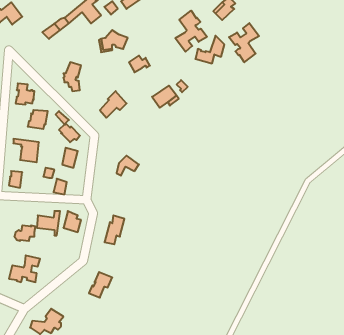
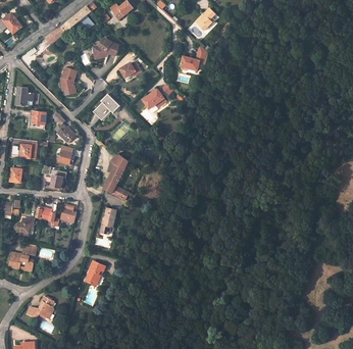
building: [175,11,207,52] -> none
building: [229,23,259,62] -> none
building: none -> [102,163,129,200]

